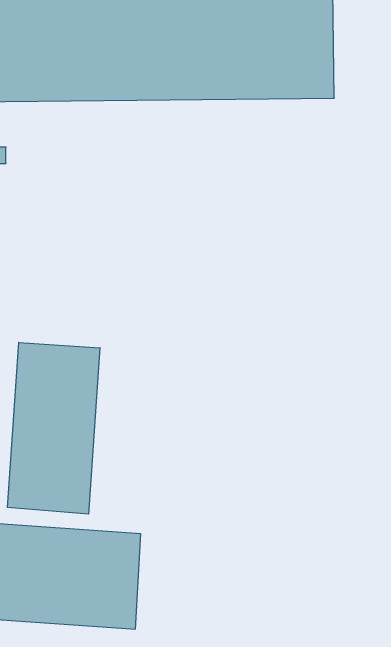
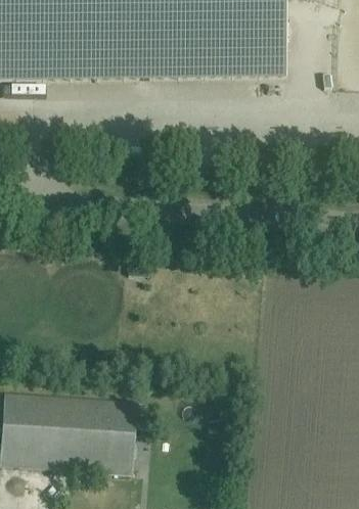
building: [7,342,100,514] -> none

